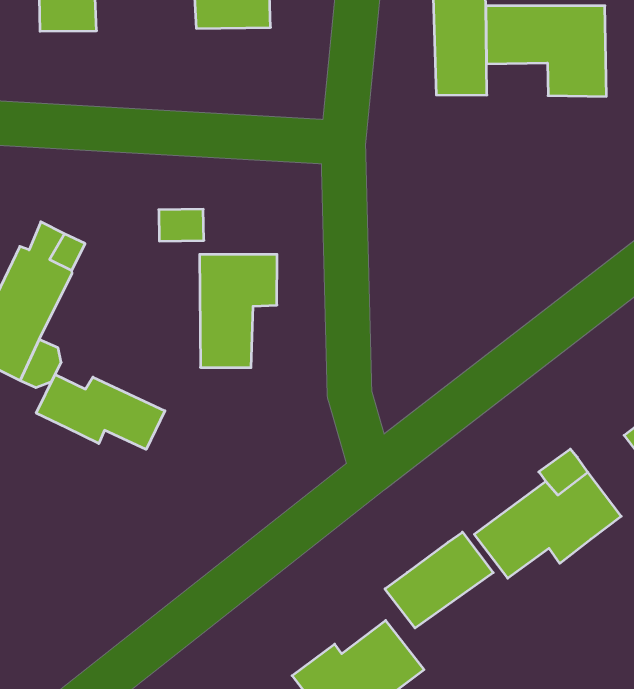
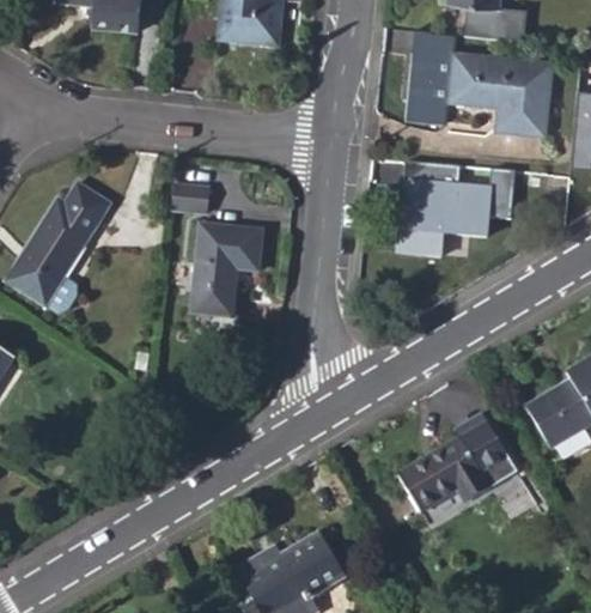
building: none -> [394,163,513,256]
building: [36,374,165,449] -> none
building: [385,532,493,628] -> none

